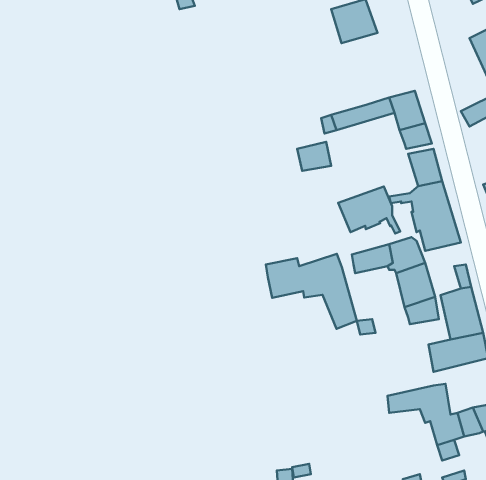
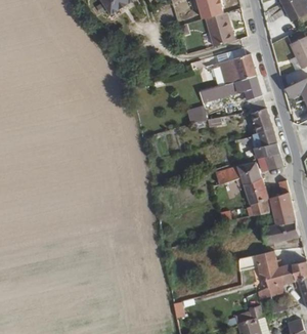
building: none -> [219,54,255,83]
building: [338,187,400,234] -> none
building: [266,254,357,329] -> none

